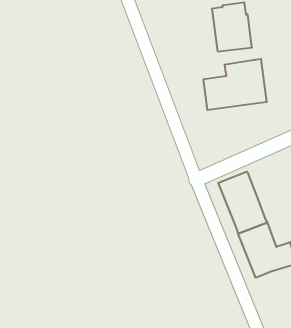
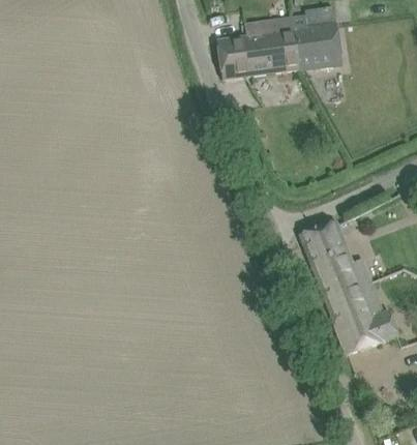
building: [203,59,267,110] -> [217,13,298,78]

